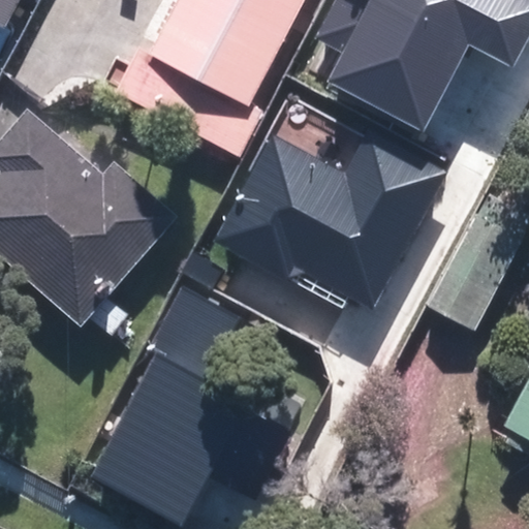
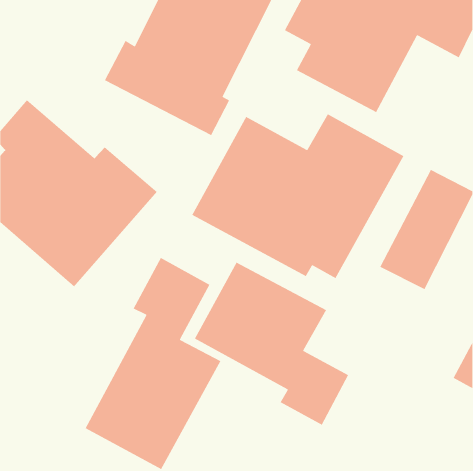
building: none -> [194,261,349,426]

